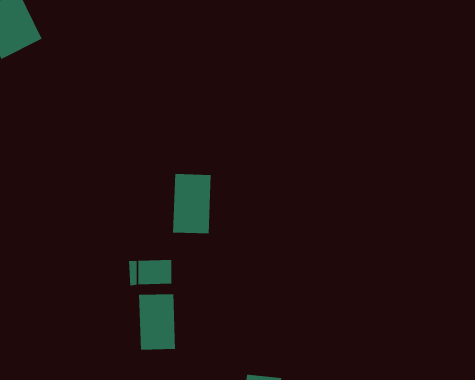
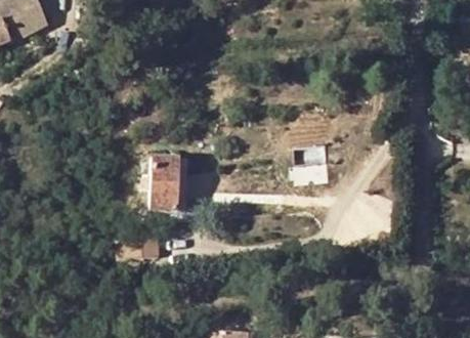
building: [139,293,176,350] -> none

